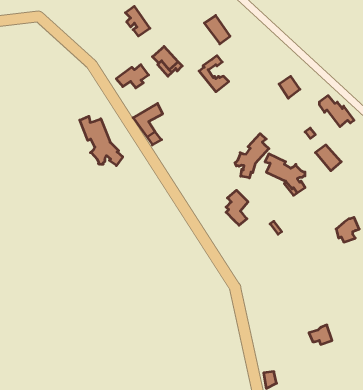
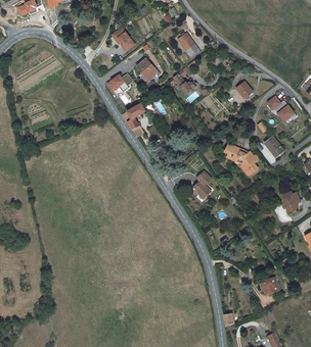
building: [80,116,123,166] -> none
building: [235,134,269,178] -> none

